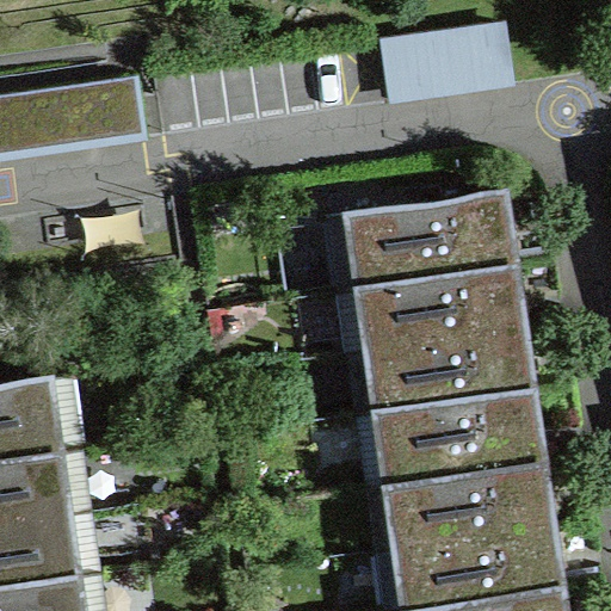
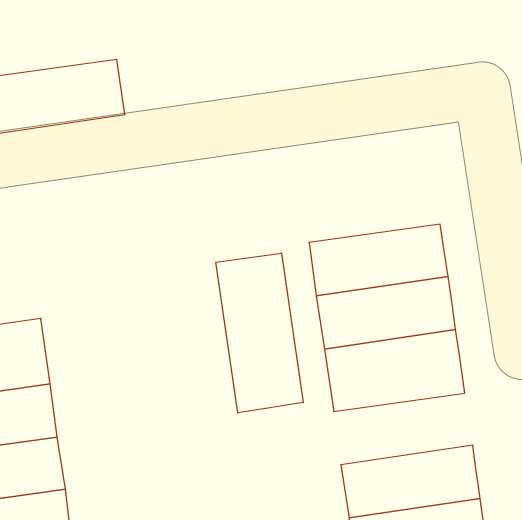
building: [381,25,514,103] -> none
building: [348,189,513,286] -> none
building: none -> [216,253,303,413]
building: [389,462,551,545] -> none

